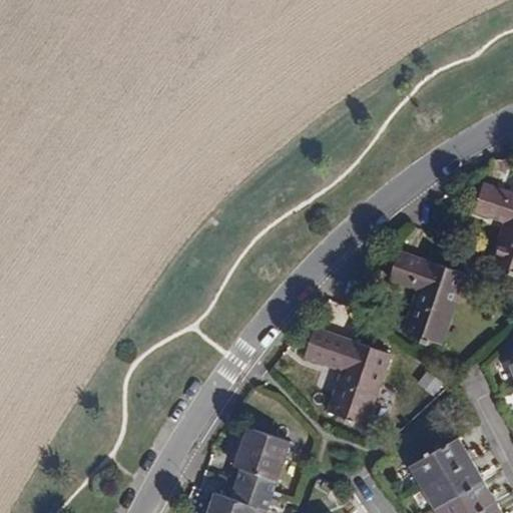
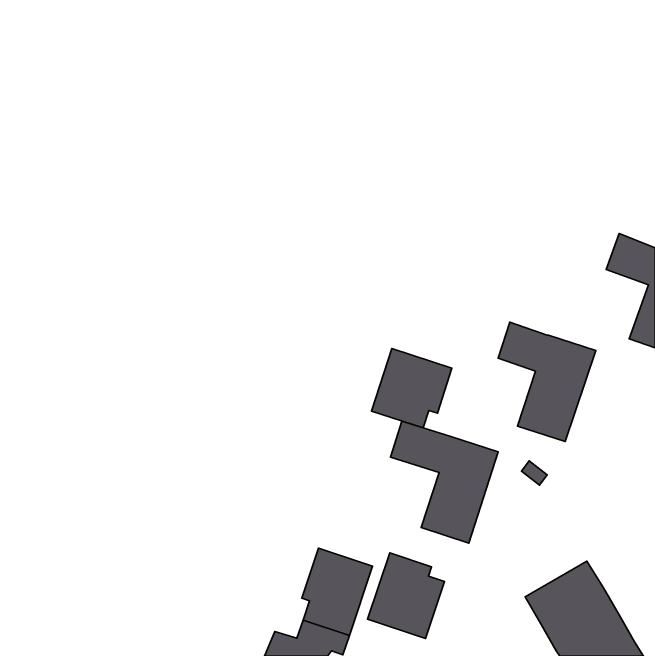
building: none -> [372,349,452,428]
building: none -> [368,553,445,638]

